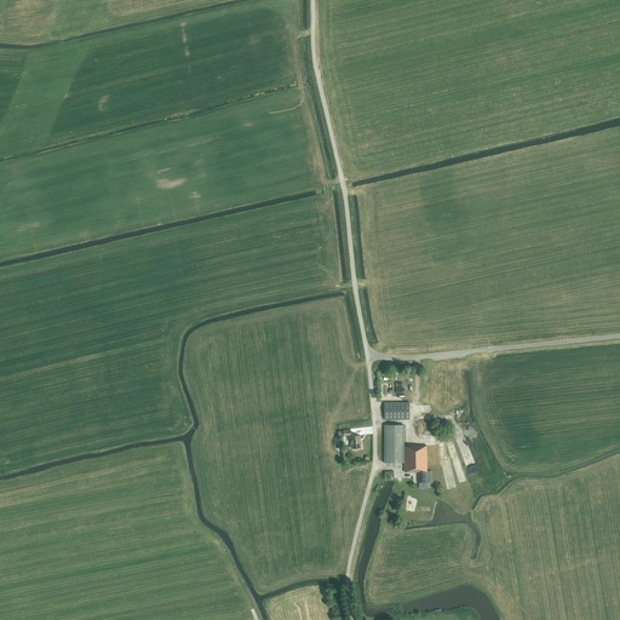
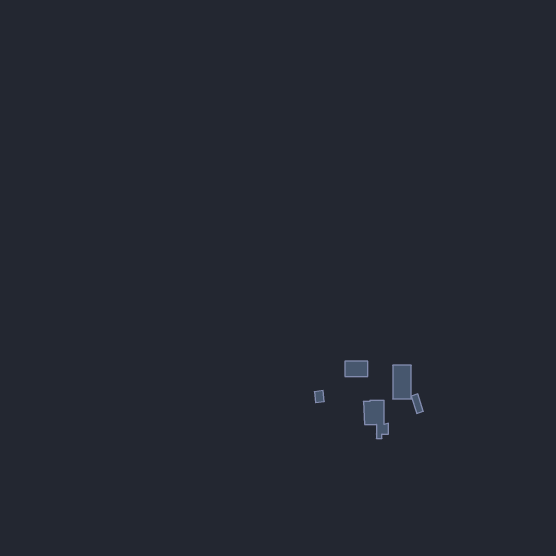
building: [384,425,404,463] -> [393,365,411,399]

